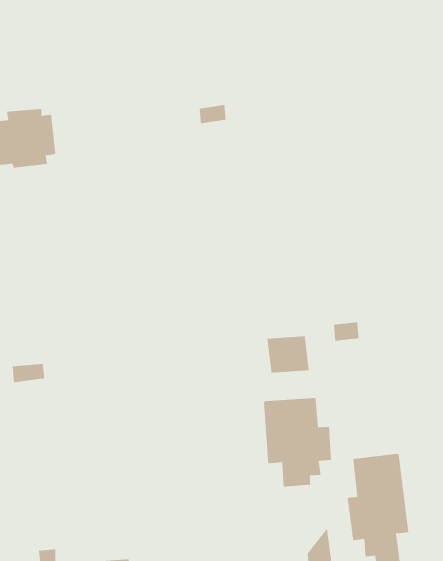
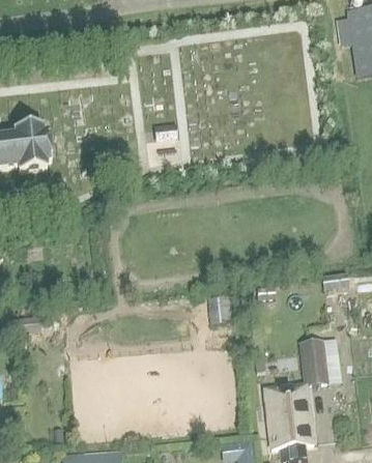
building: none -> [299,338,327,382]
building: [263,397,332,487] -> none

